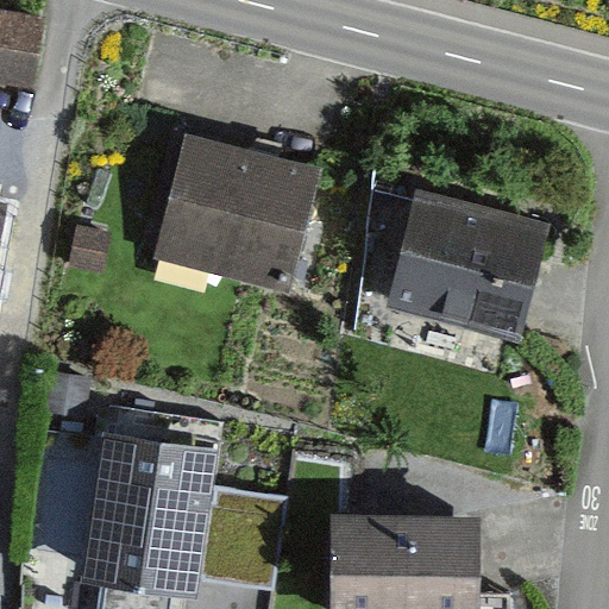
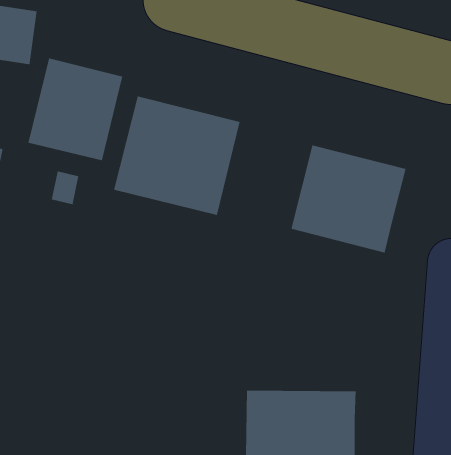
building: none -> [28,58,123,161]
building: [83,429,282,598] -> none

